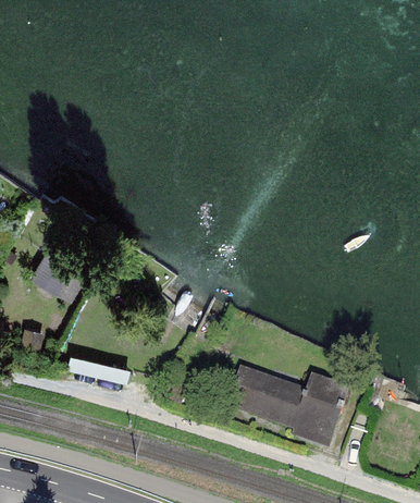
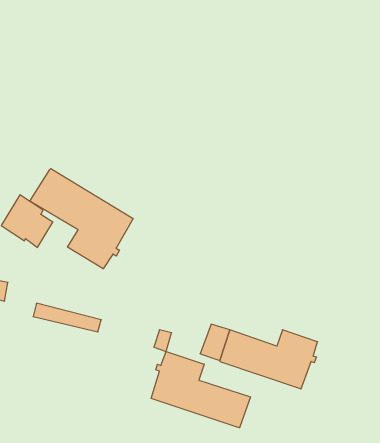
building: none -> [30,169,133,269]
building: none -> [151,352,250,428]

